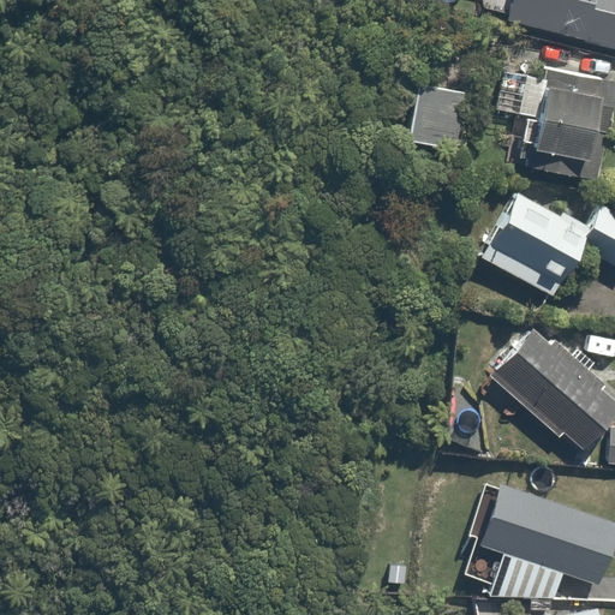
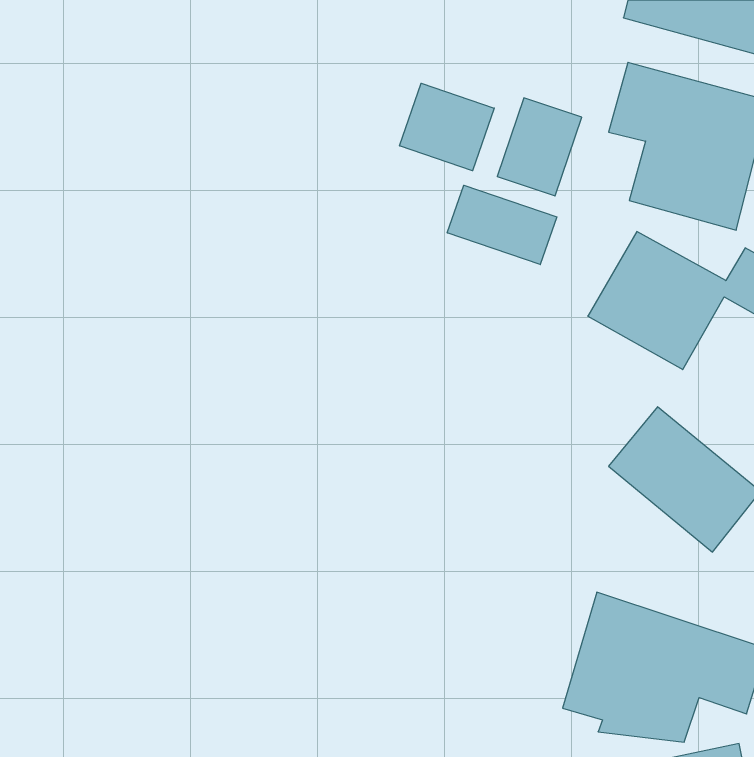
building: none -> [400,83,494,171]
building: none -> [447,185,557,265]

